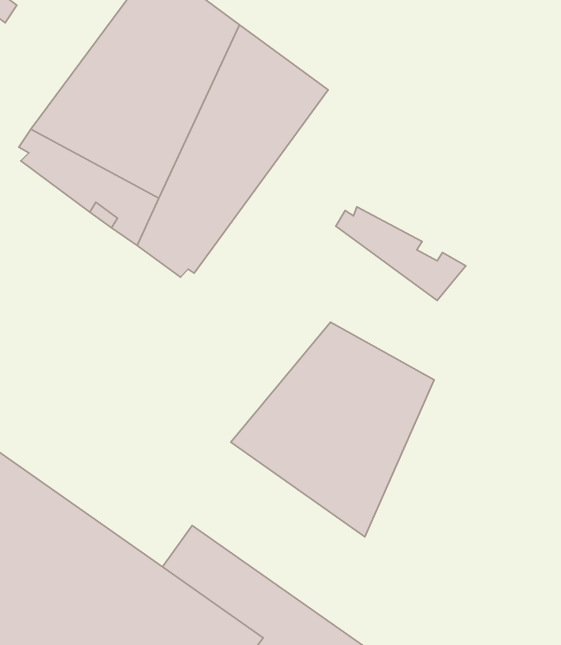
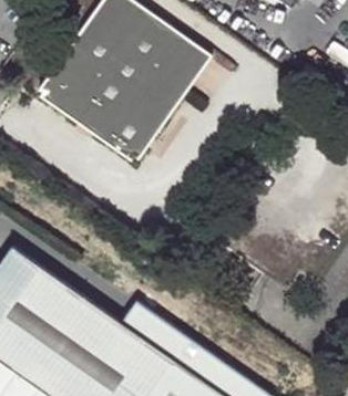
building: [336,207,466,300] -> none
building: [231,322,434,537] -> none

